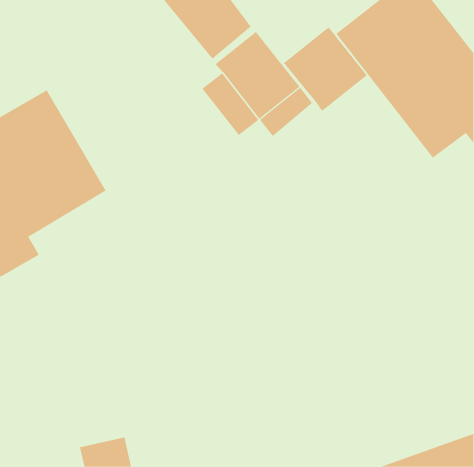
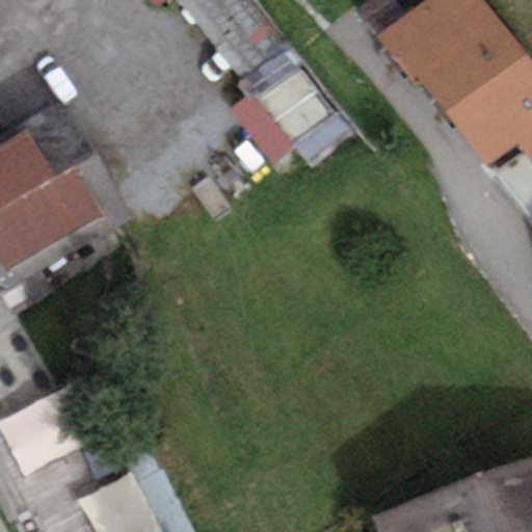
building: [283,27,368,112] -> none

